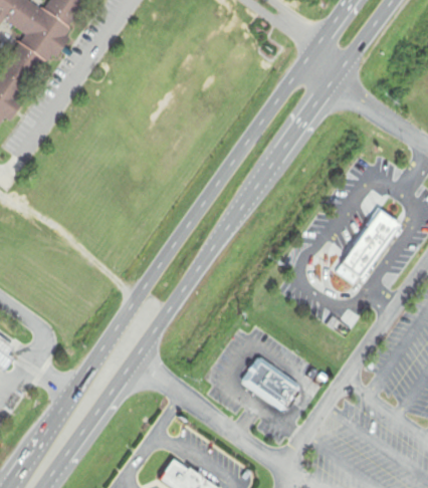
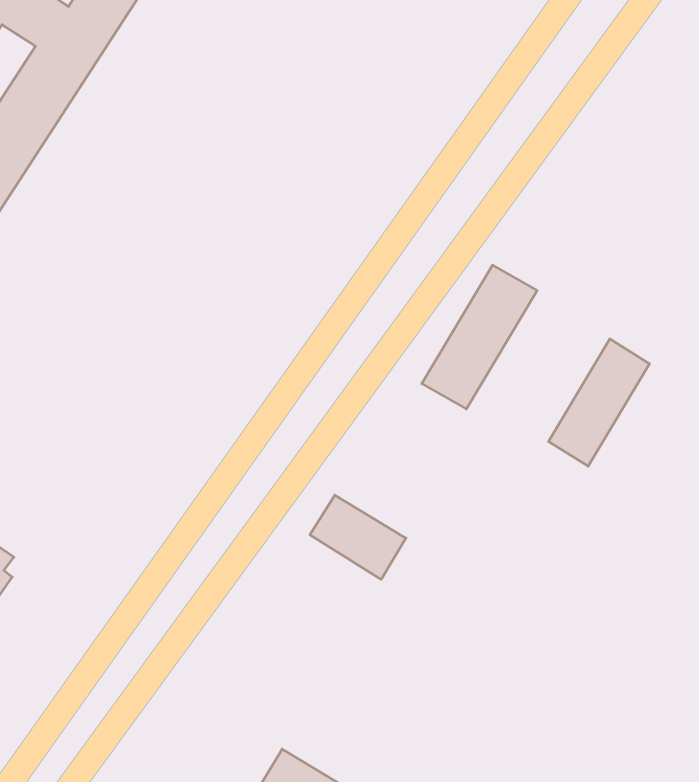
building: none -> [422,265,537,409]
building: [240,359,298,411] -> [310,495,406,579]

